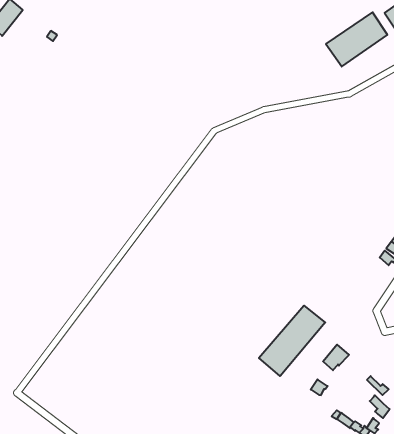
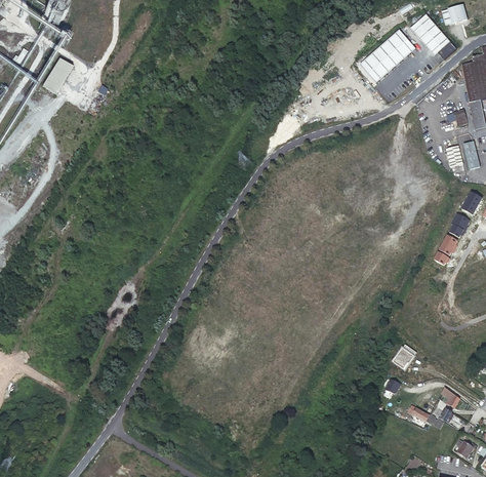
building: [259,306,325,376] -> none

